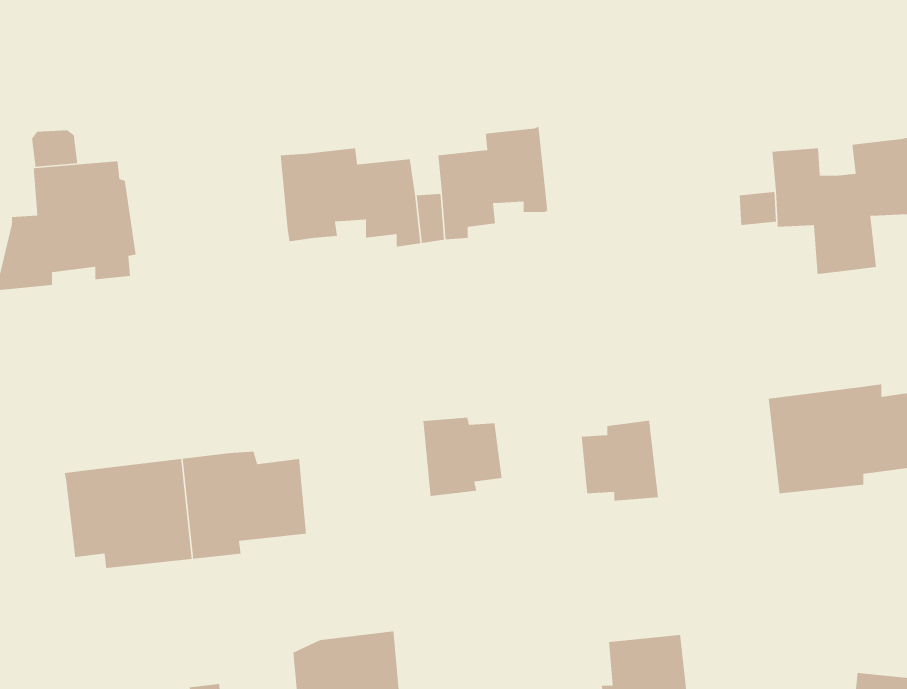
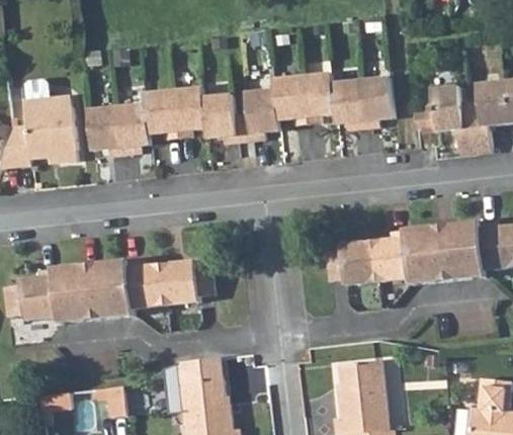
building: none -> [303,73,393,127]
building: none -> [87,91,162,157]
building: none -> [364,227,436,283]
building: [423,417,502,497] -> [169,258,213,302]
building: none -> [6,273,44,318]

